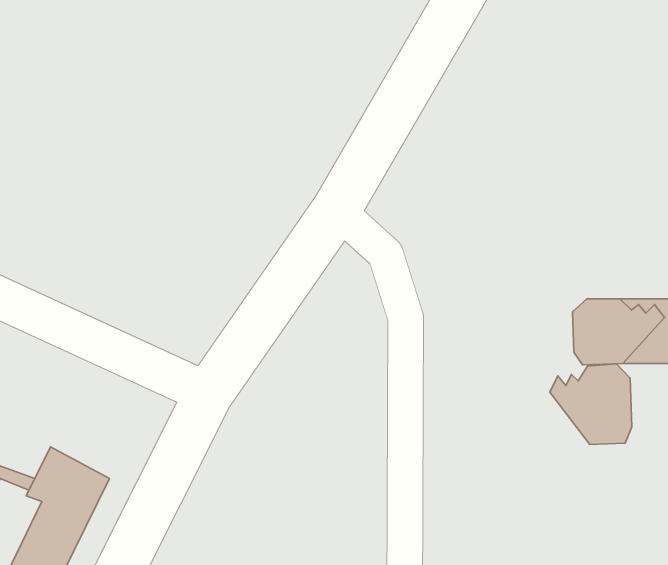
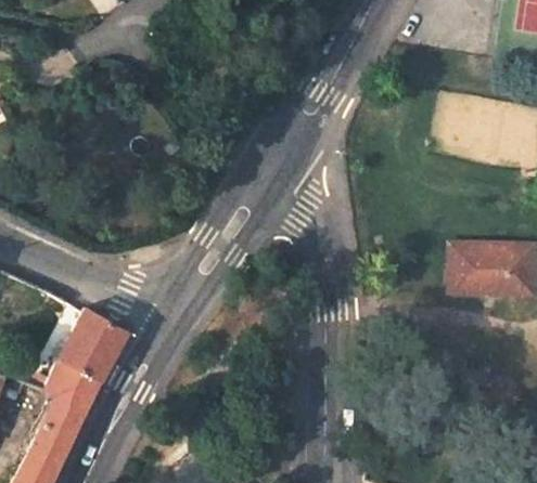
building: [550,364,632,444] -> none
building: none -> [59,309,129,381]

